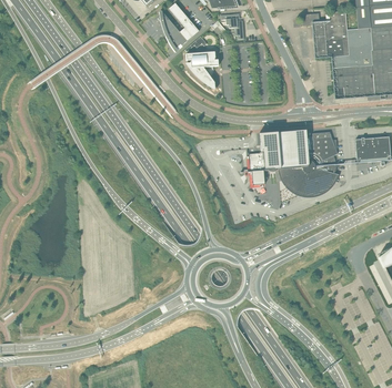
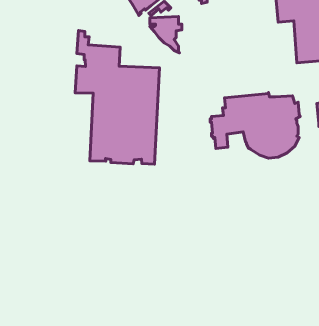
building: none -> [75,31,159,164]

